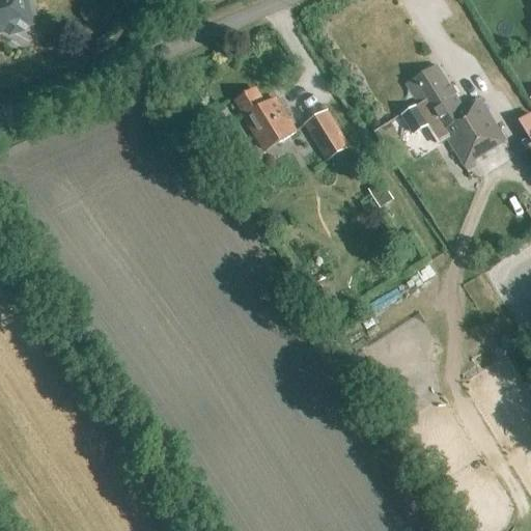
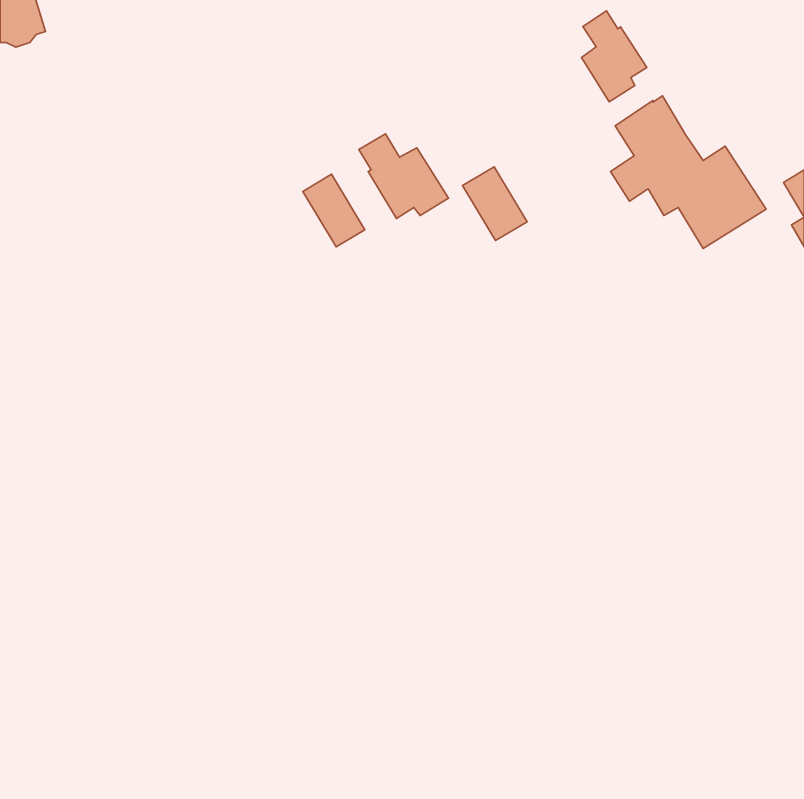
building: none -> [582,11,647,102]
building: none -> [303,174,365,247]

